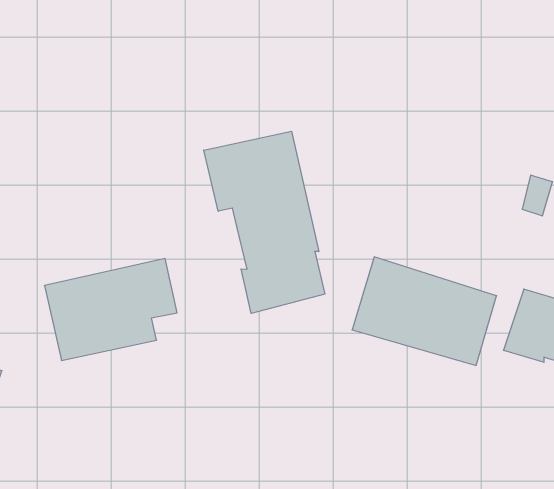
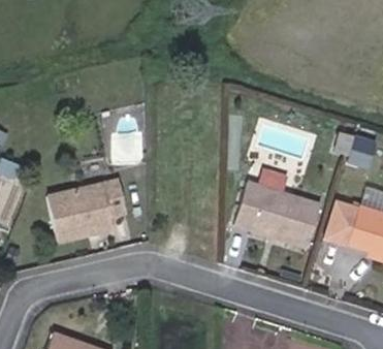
building: [204,131,325,313] -> none

